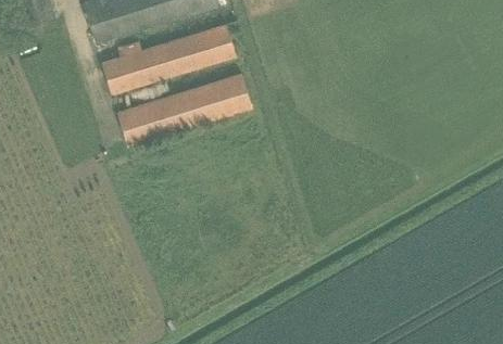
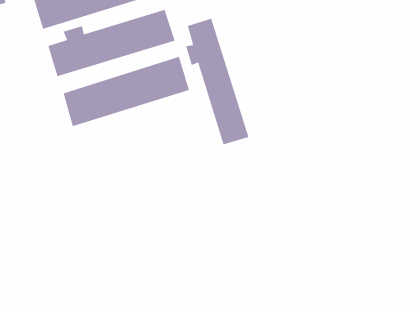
building: none -> [186,18,249,145]

